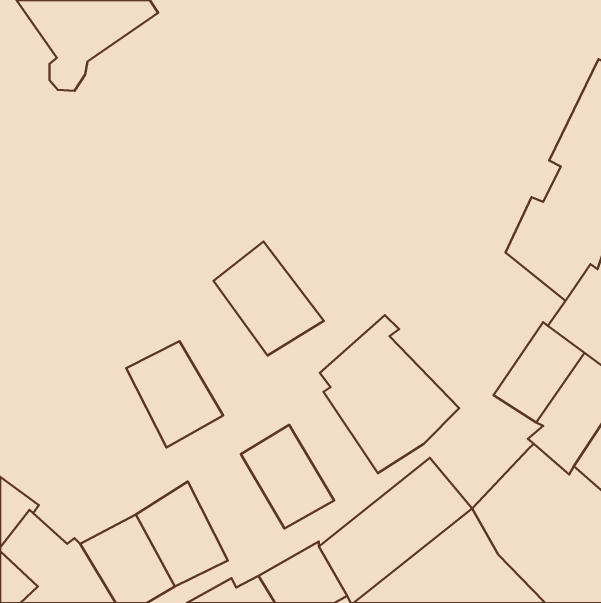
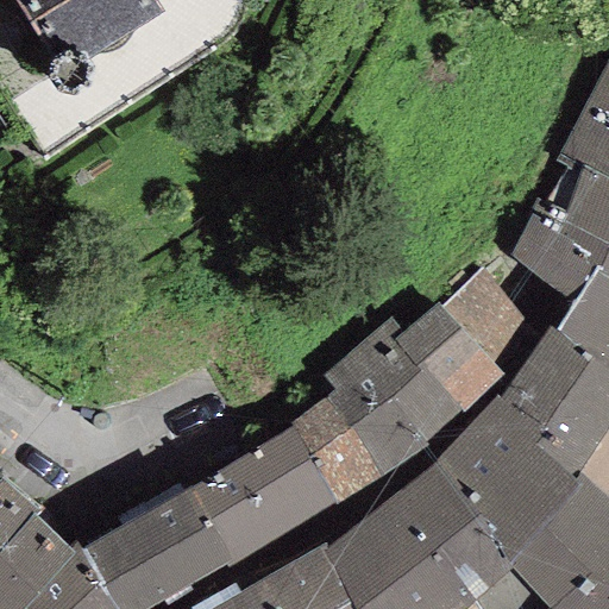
building: [213,242,324,355] -> none
building: none -> [395,268,523,412]
building: [126,341,223,447] -> [192,458,289,565]
building: none -> [290,395,383,504]
building: none -> [435,396,550,513]

